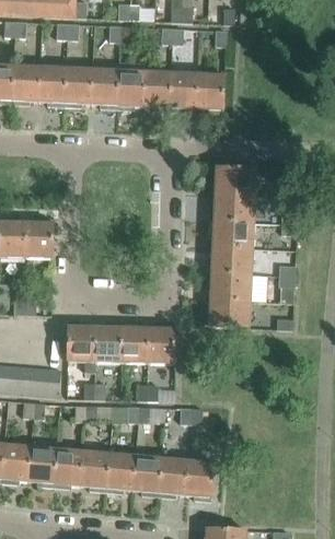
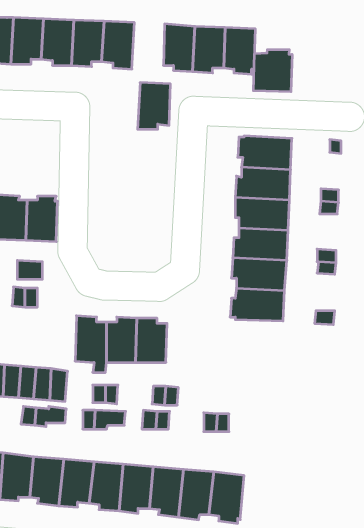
building: [117,68,146,108] -> [138,83,170,129]
building: none -> [253,50,292,92]
building: [147,325,175,363] -> none

